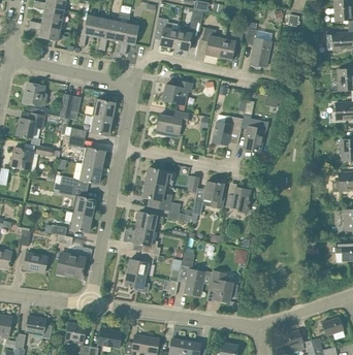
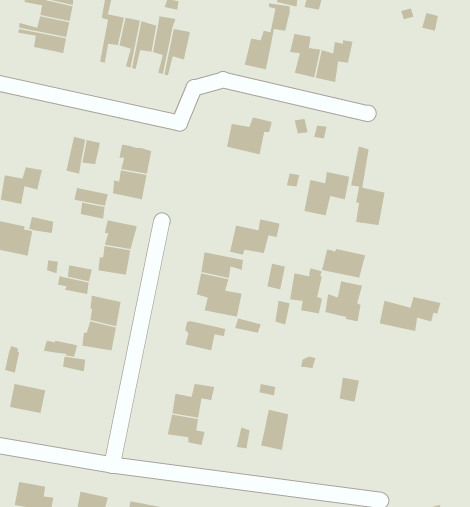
building: [156,17,178,47] -> none
building: [246,28,271,67] -> none
building: [23,82,47,106] -> none
building: [155,110,188,134] -> [229,218,281,255]
building: none -> [321,248,366,279]
building: none -> [379,296,442,332]
building: [132,227,160,255] -> none
building: [56,252,85,275] -> none
building: [207,270,231,301] -> none

